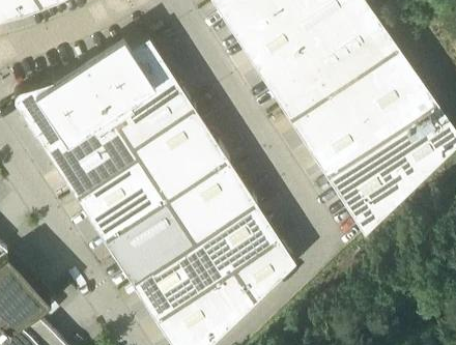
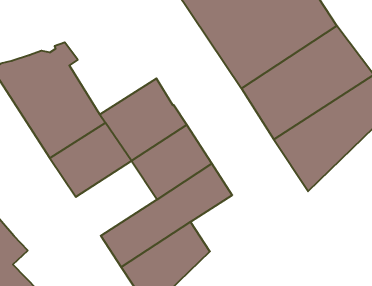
building: [91,36,194,147] -> none
building: [104,199,195,283] -> none
building: [232,237,294,300] -> none

